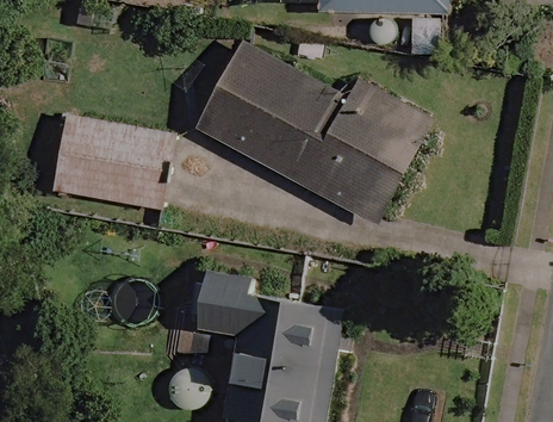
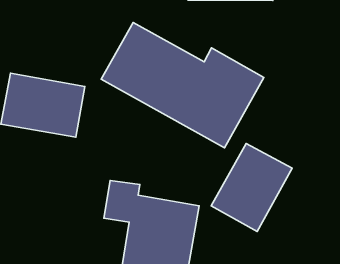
building: none -> [211,143,292,231]

